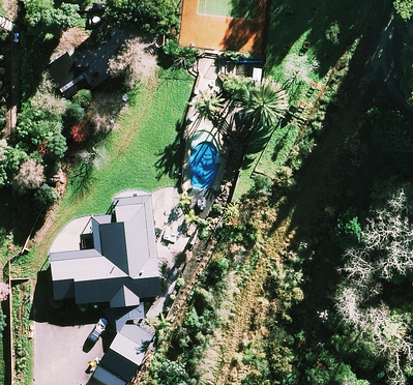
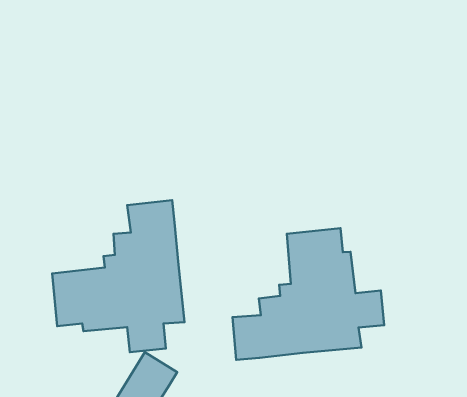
building: none -> [233,228,384,360]

